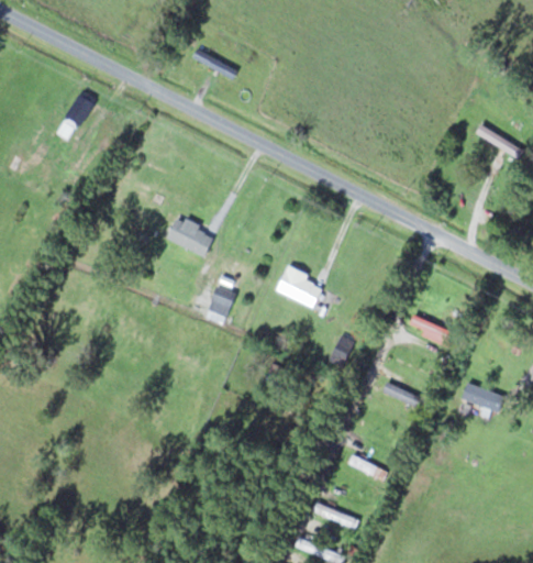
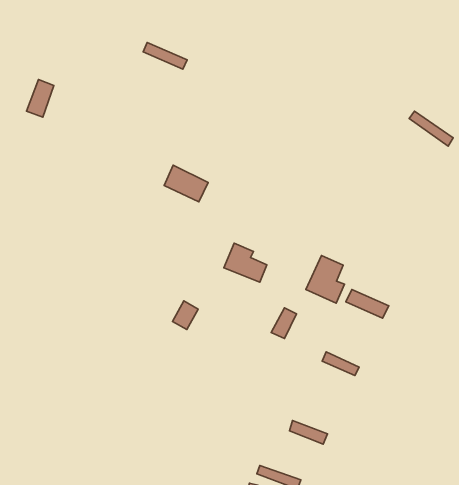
building: [166,217,213,256] -> [164,165,208,202]
building: none -> [306,256,344,303]
building: [208,286,235,317] -> [172,301,198,330]
building: [460,383,503,411] -> none

